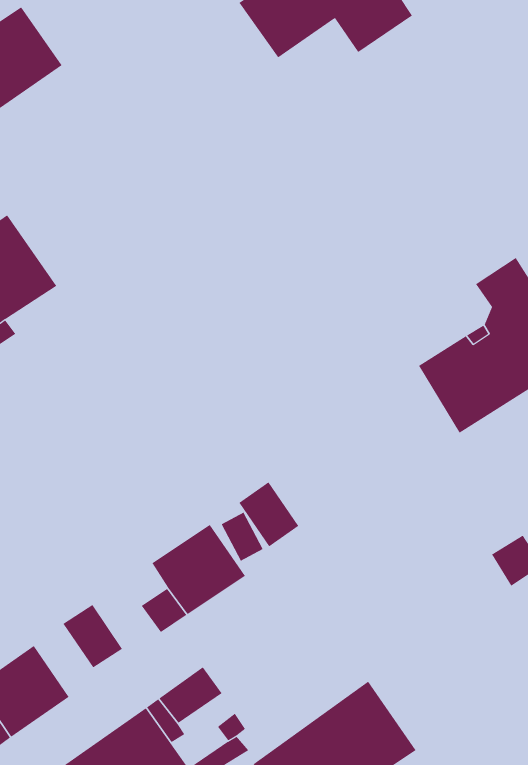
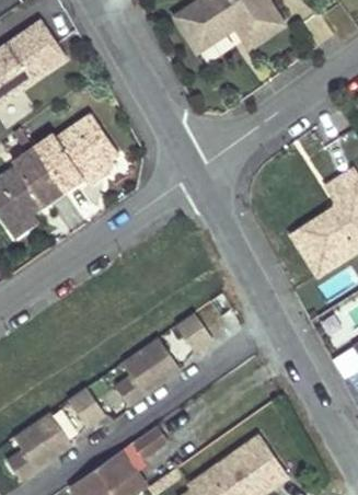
building: none -> [34,112,119,189]

